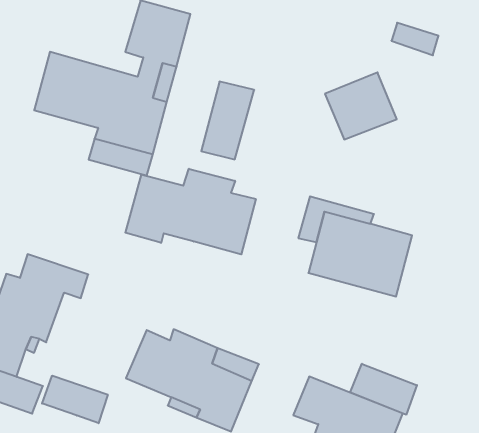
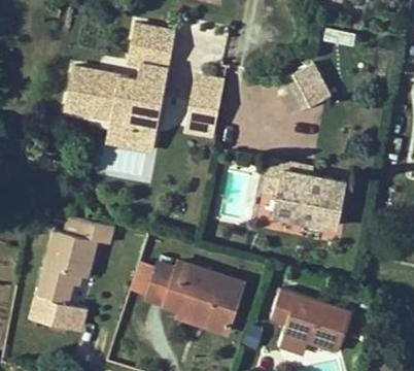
building: [125,169,256,254] -> none
building: [350,364,417,415] -> none
building: [42,376,108,423] -> none

